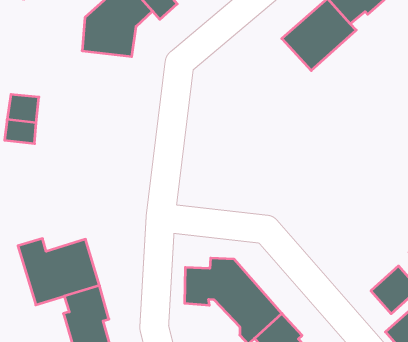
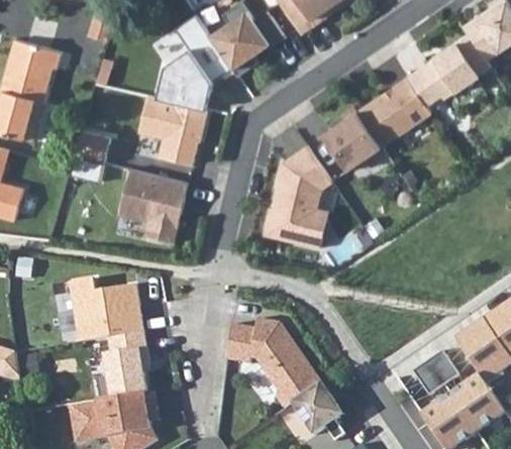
building: none -> [322,110,381,170]
building: none -> [137,95,206,164]
building: none -> [264,144,331,248]
building: none -> [117,169,187,242]

